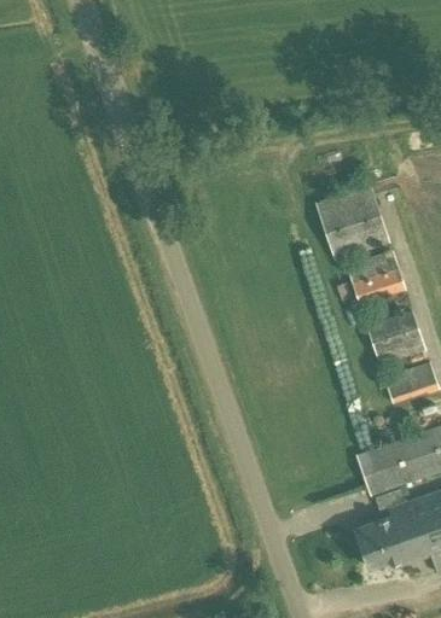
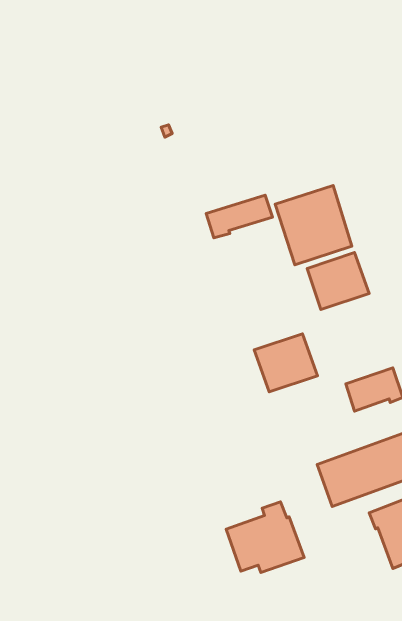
building: none -> [206,195,273,238]
building: [366,309,428,366] -> [254,334,317,392]
building: [354,503,430,572] -> [226,502,304,572]

